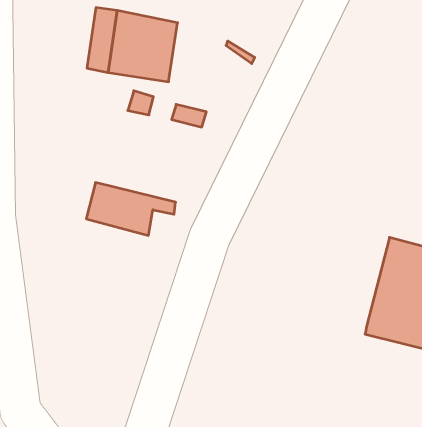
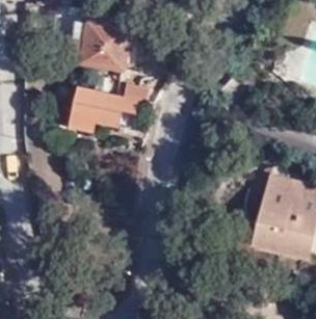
building: [86,183,176,235] -> [72,89,133,126]

